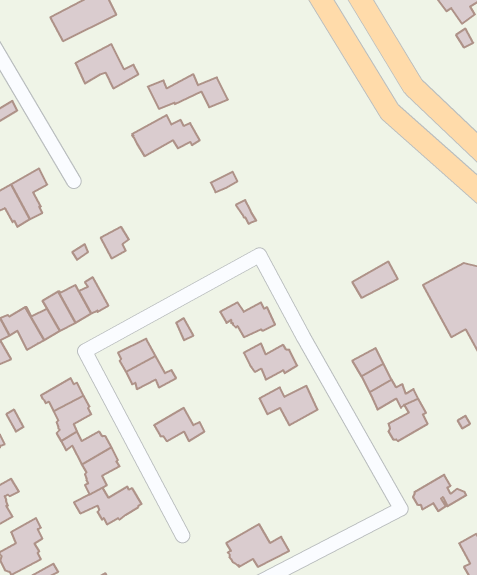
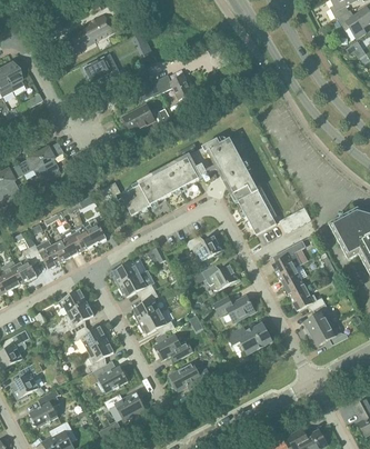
building: none -> [202,137,277,233]
building: none -> [121,157,199,213]
building: none -> [272,239,306,276]
building: none -> [133,288,160,321]
building: none -> [227,323,271,352]
building: none -> [153,331,193,359]
building: [413,475,466,511] -> [310,320,348,346]
building: [226,524,289,567] -> [169,360,213,390]
building: none -> [104,391,144,419]

